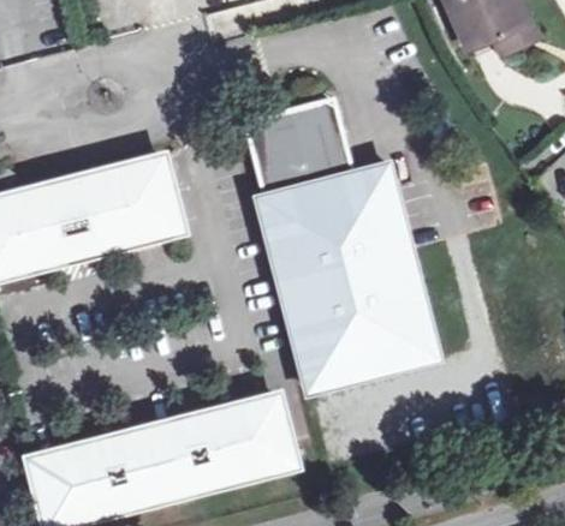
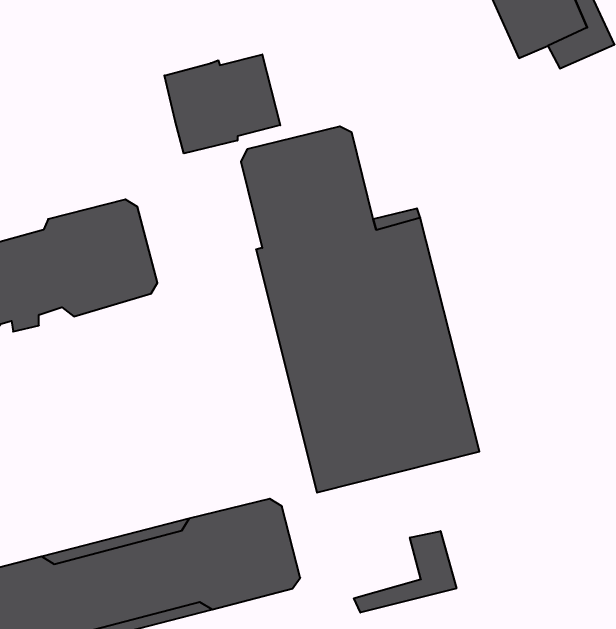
building: none -> [164,54,280,153]
building: none -> [354,531,456,613]

